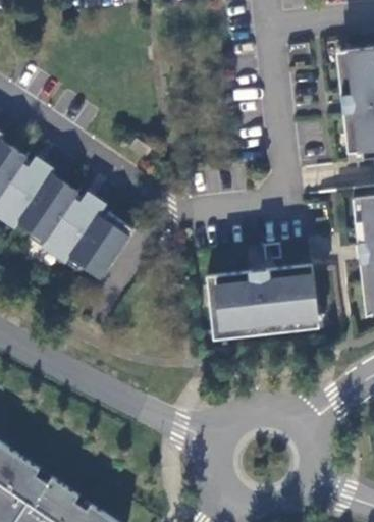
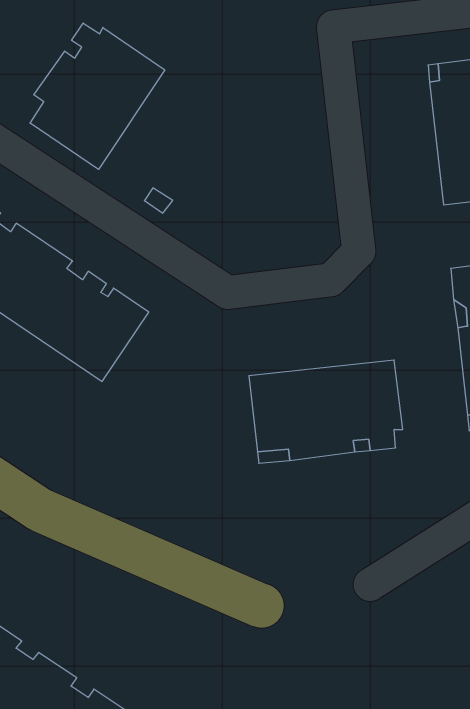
building: none -> [30,23,165,169]

